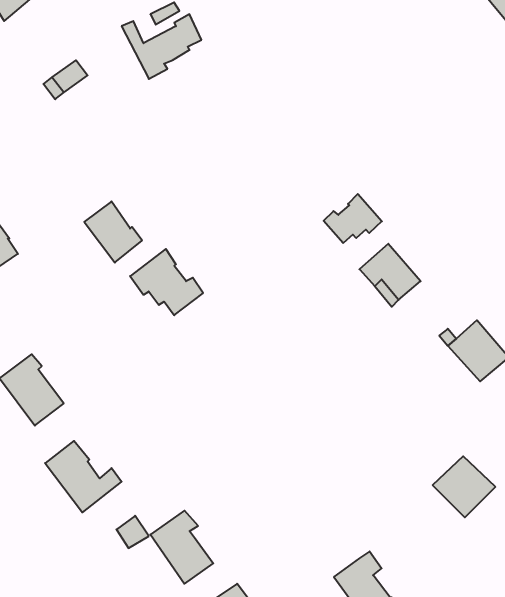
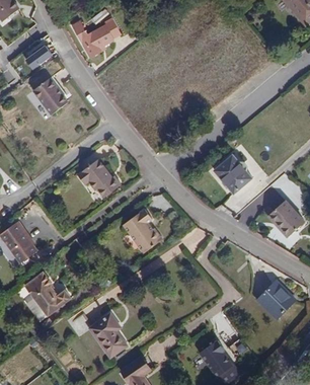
building: [324,194,382,243] -> none
building: [84,201,142,263] -> [32,79,67,115]
building: none -> [125,209,162,252]

